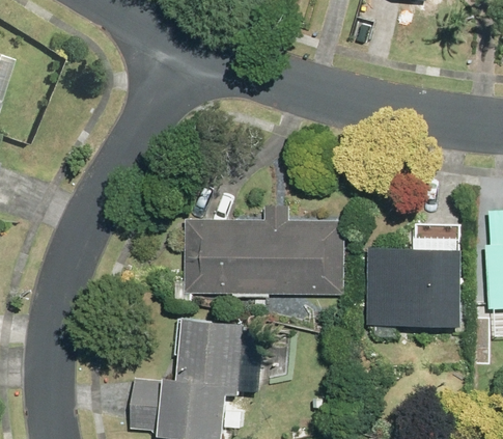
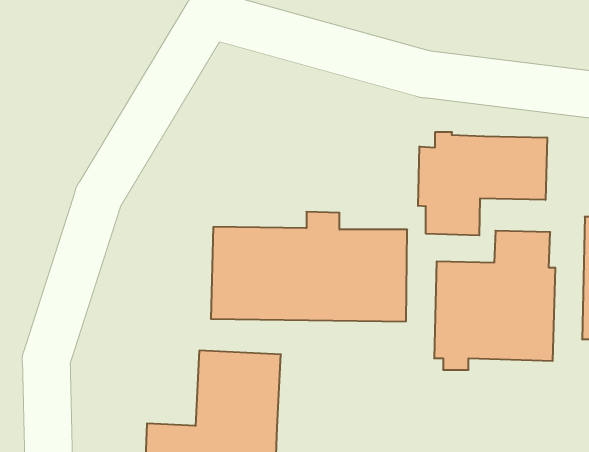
building: none -> [418,132,547,235]

